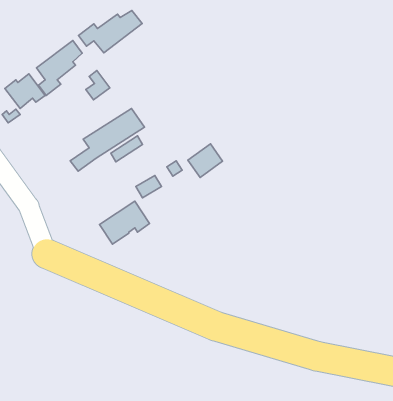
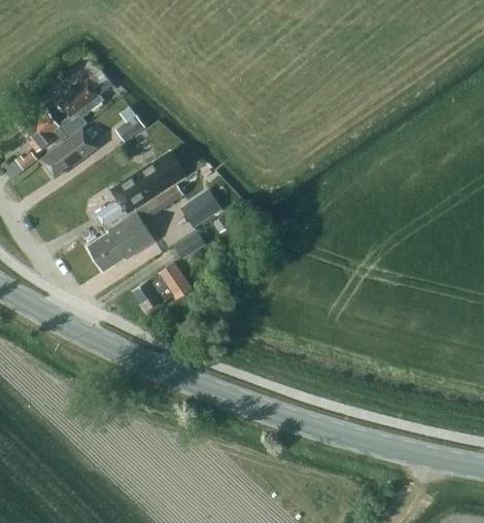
building: [78,10,142,53] -> none
building: none -> [40,128,97,178]
building: [188,144,222,177] -> [181,188,222,229]
building: none -> [88,212,154,271]

